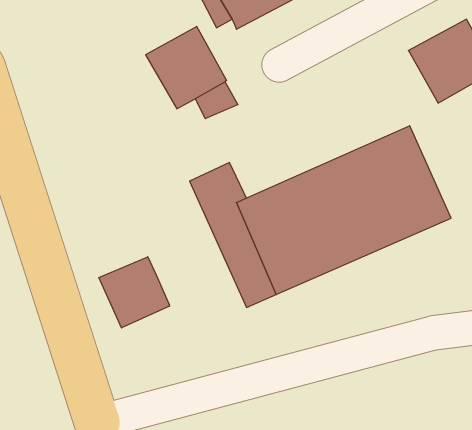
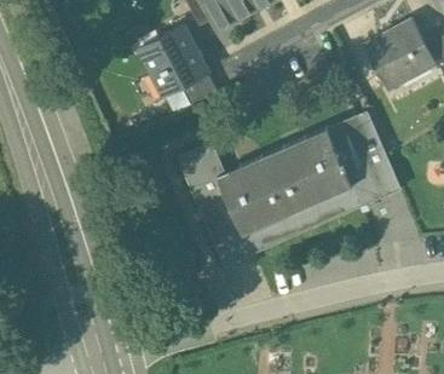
building: [99,257,169,328] -> none

